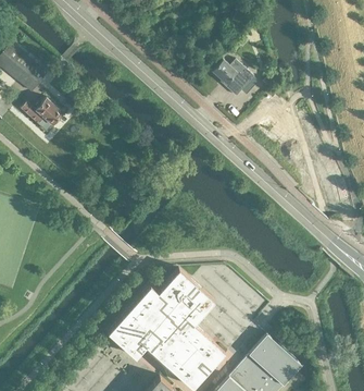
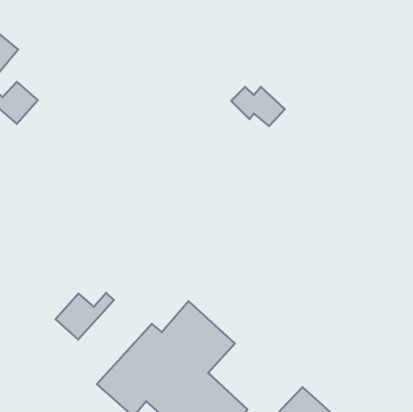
building: [213,61,254,91] -> [231,87,285,126]
building: none -> [55,293,114,339]

